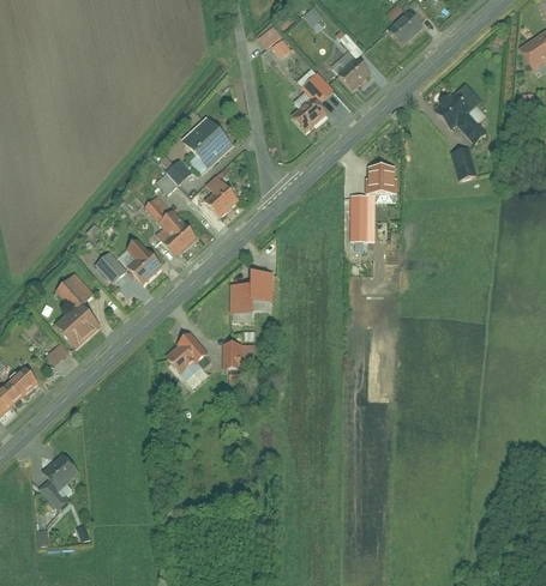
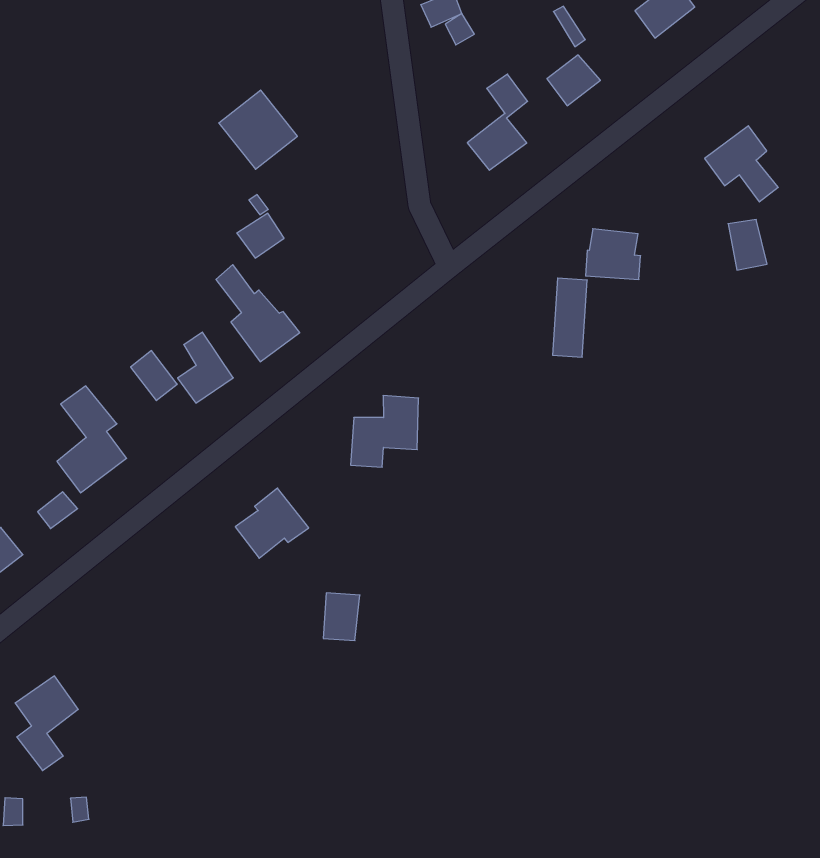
building: [184,116,232,164] -> [219,90,297,169]
building: [205,185,238,217] -> none
building: [221,342,241,369] -> [323,593,360,641]

